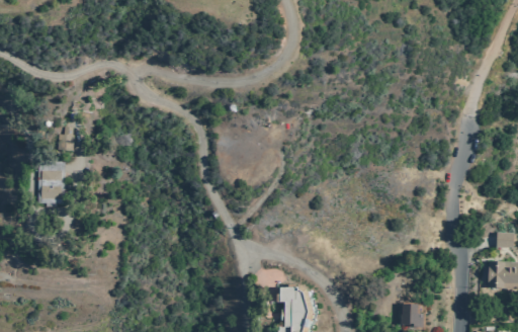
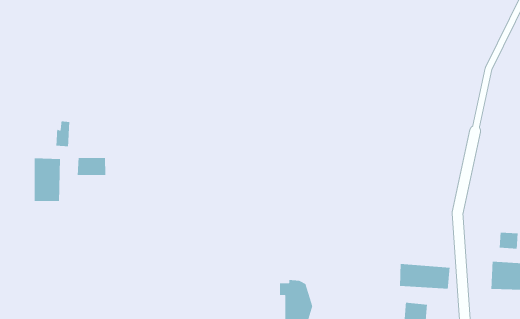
building: none -> [77,157,106,176]
building: none -> [399,263,450,290]

